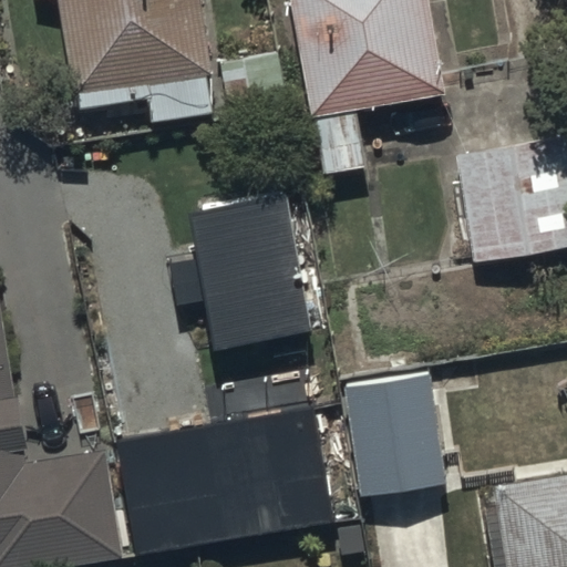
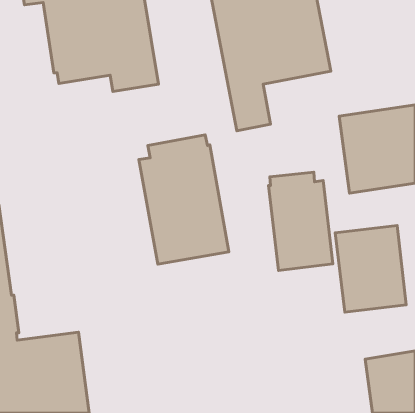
building: none -> [269,172,333,270]
building: [346,377,442,494] -> [335,225,406,312]
building: [118,385,332,553] -> none

